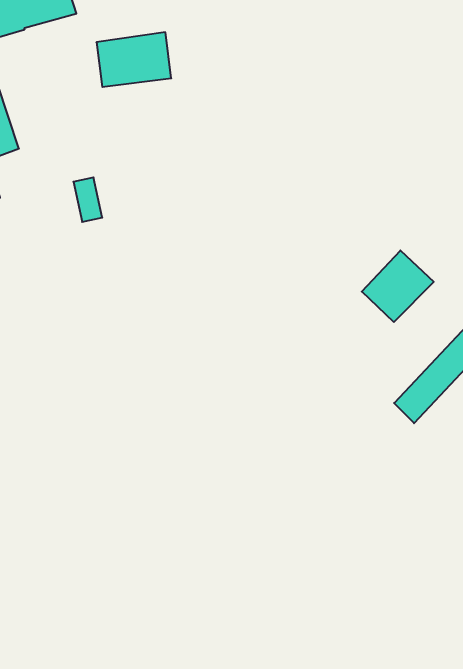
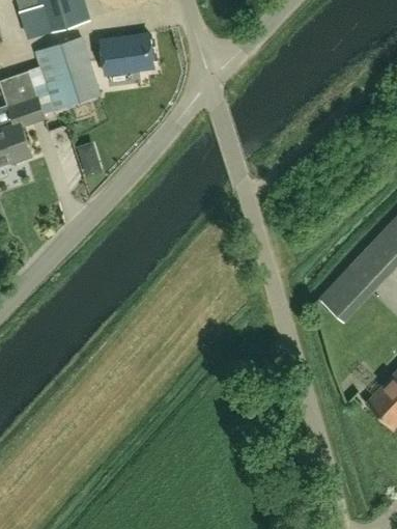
building: none -> [38,39,100,110]
building: [362,250,434,322] -> none

